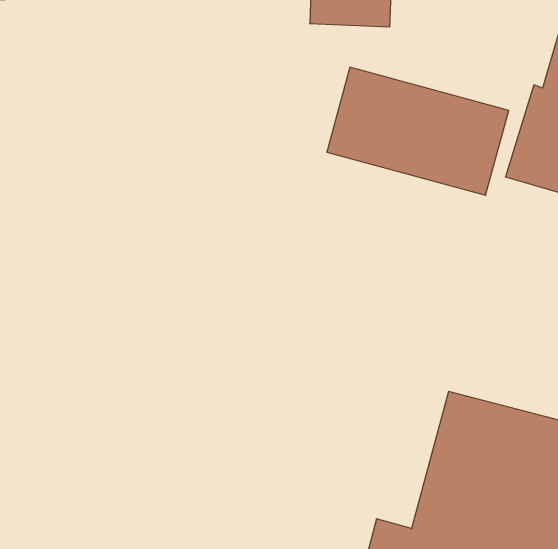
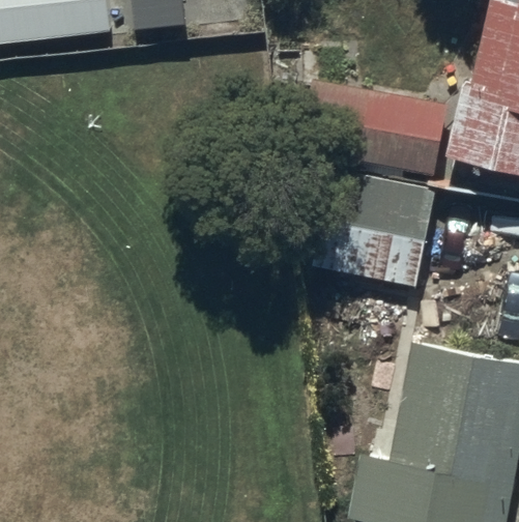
building: none -> [311,169,435,289]

